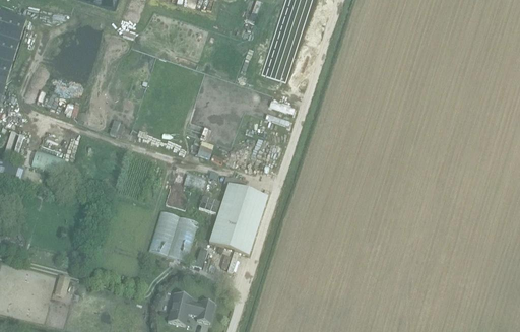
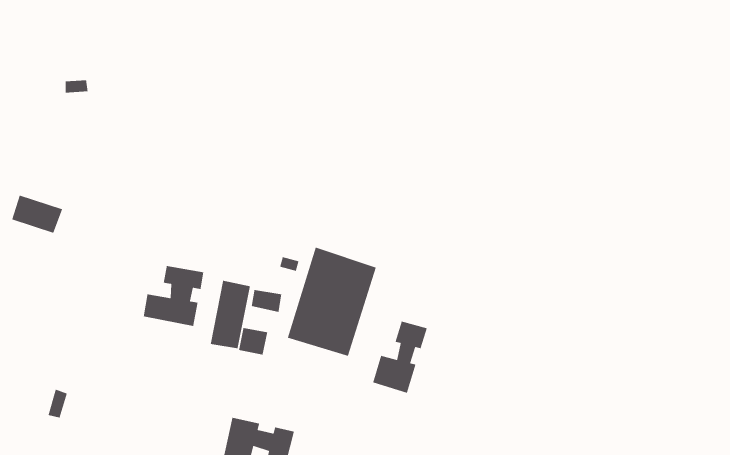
building: none -> [143,265,204,327]
building: none -> [372,321,428,394]

